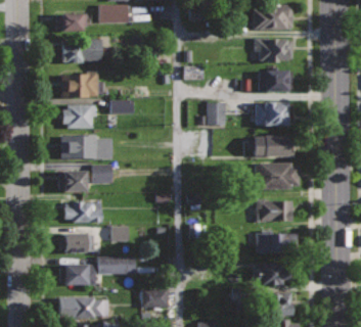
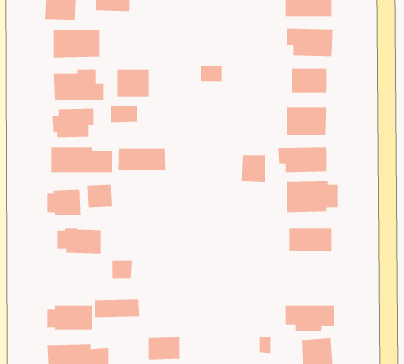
building: none -> [117,69,149,97]
building: [205,104,225,127] -> [241,155,266,182]
building: none -> [118,148,166,171]
building: [256,229,300,253] -> none
building: [58,233,95,253] -> none

